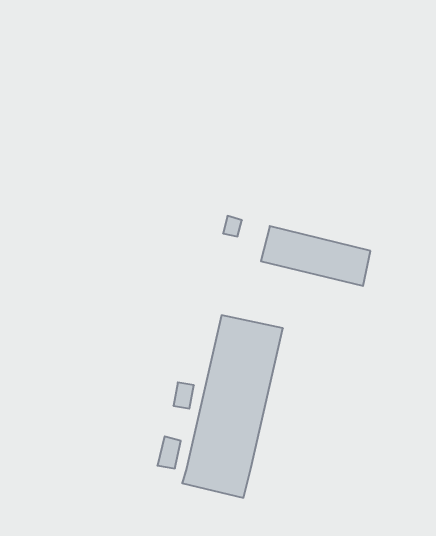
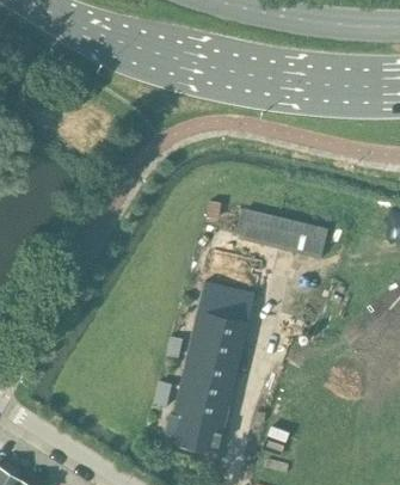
building: none -> [170,419,223,452]

